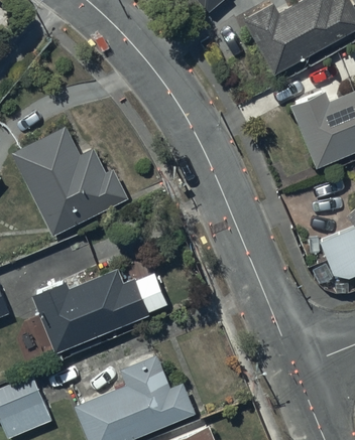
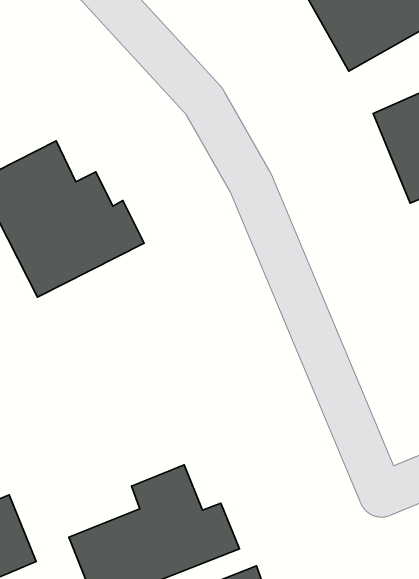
building: [32,269,168,353] -> none

